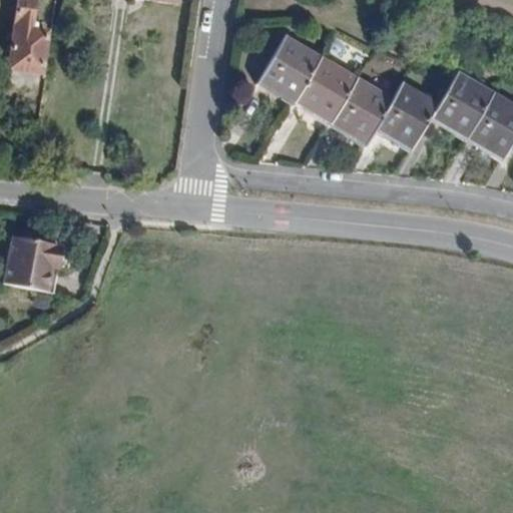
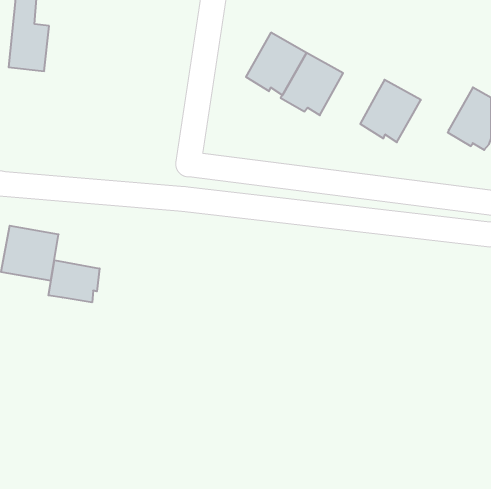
building: [431,72,493,135] -> none
building: [331,76,394,142] -> none
building: none -> [48,260,100,302]

